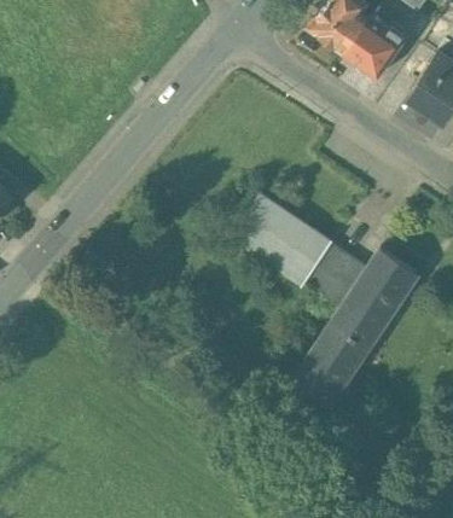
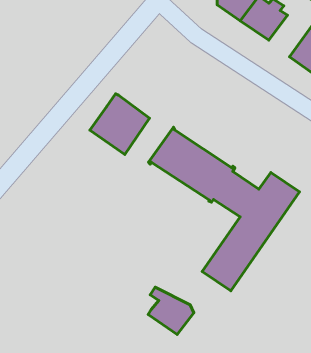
building: none -> [90,94,150,154]
building: none -> [148,287,194,335]

